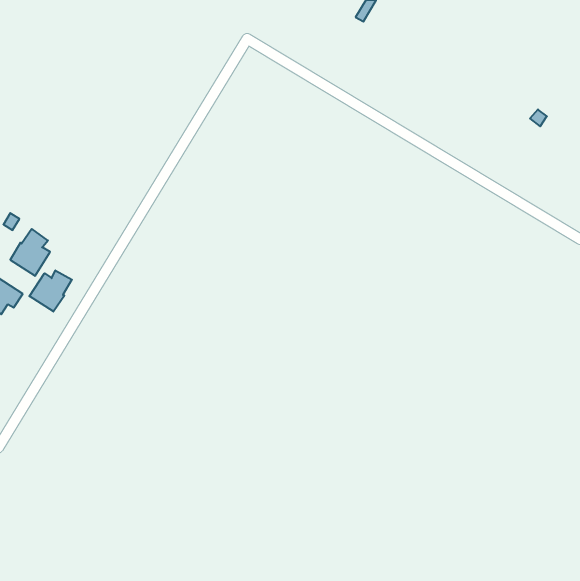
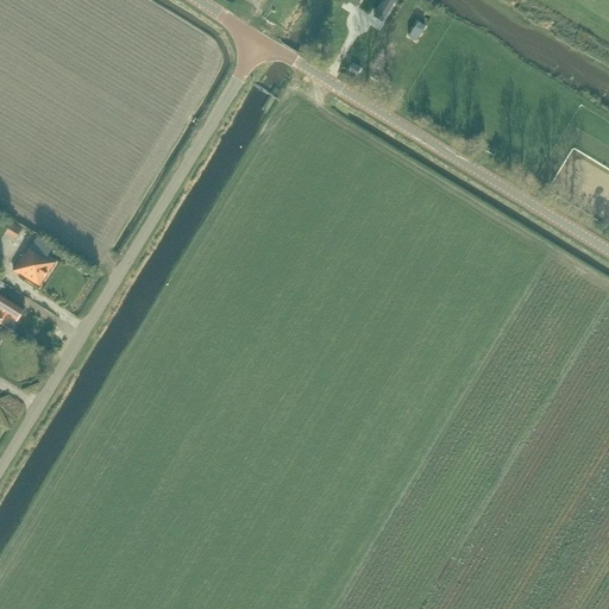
building: [29,270,72,312] -> none

